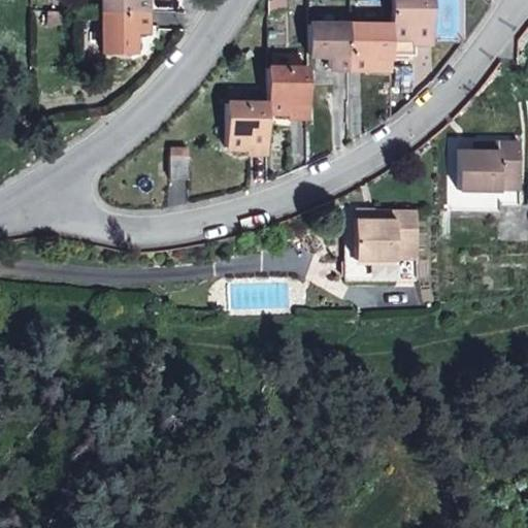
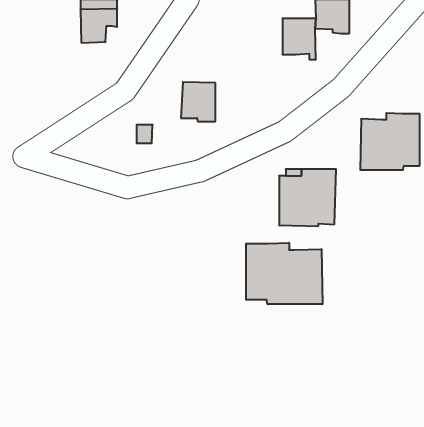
building: [311,23,353,67] -> none
building: [270,66,311,114] -> none
building: none -> [246,243,322,304]

